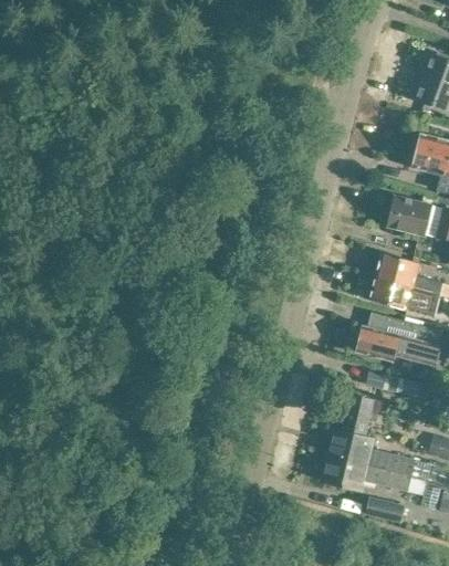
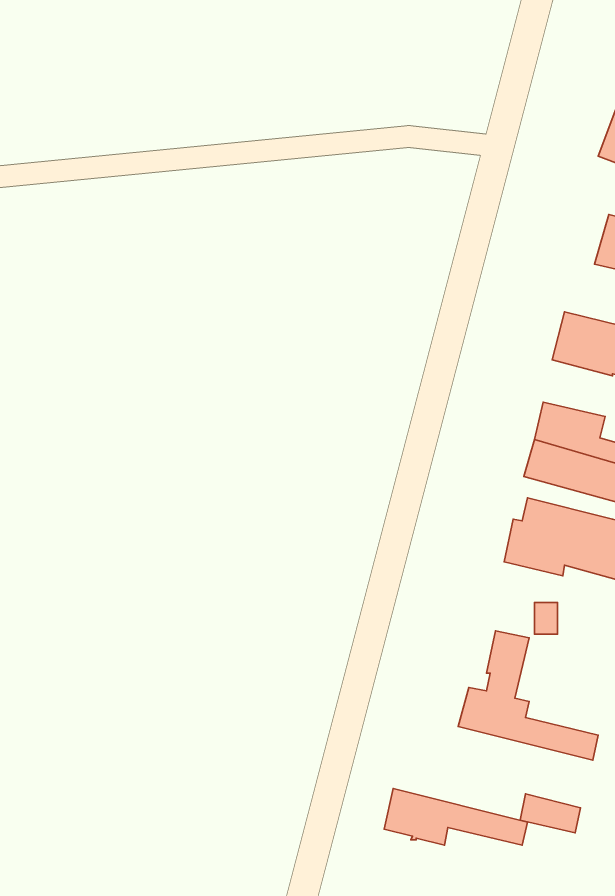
building: [322,454,411,490] -> [384,788,528,845]

